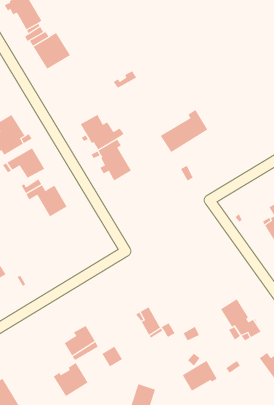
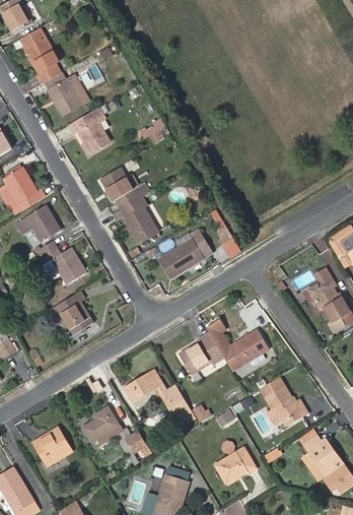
building: none -> [68,108,111,154]
building: [160,109,208,153] -> [158,229,213,278]
building: none -> [56,291,93,334]
building: none -> [229,329,269,367]
building: none -> [179,331,225,374]
building: none -> [124,371,162,402]
building: [53,362,89,397] -> [33,426,74,465]

